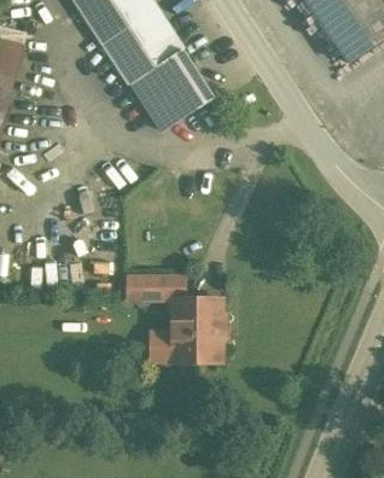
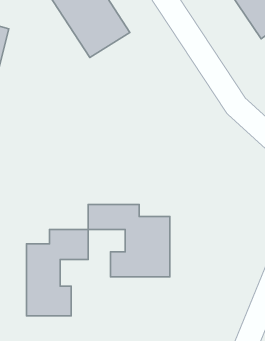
building: [129,49,211,130] -> none
building: none -> [26,230,88,316]

